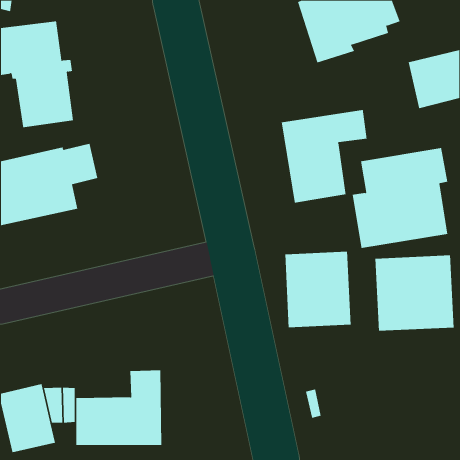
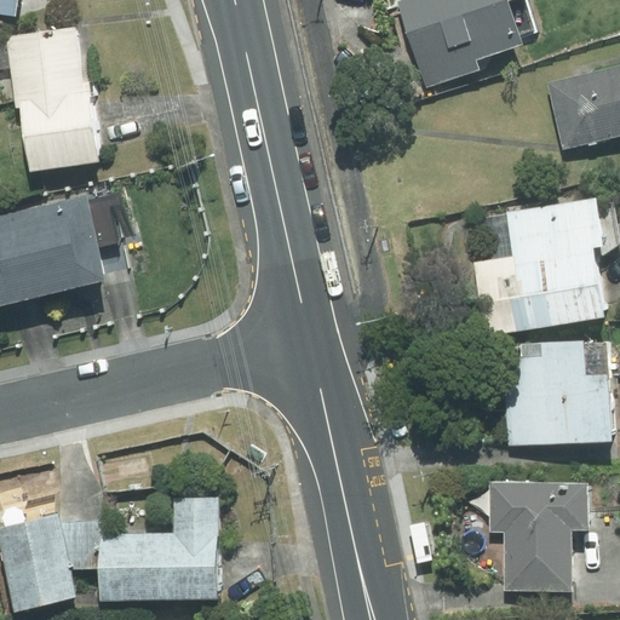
building: [281,109,367,203] -> none
building: [285,251,351,328] -> none
building: none -> [492,483,587,590]

